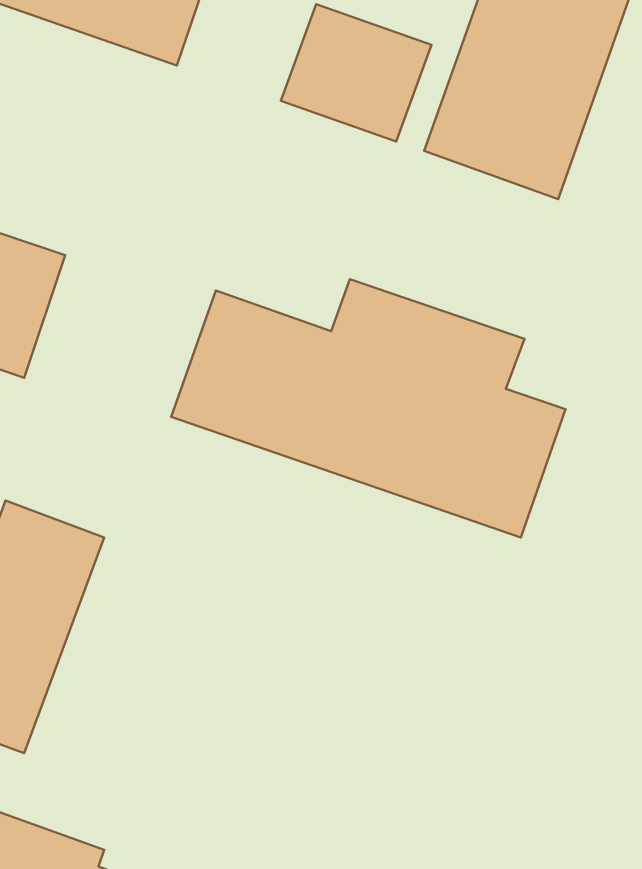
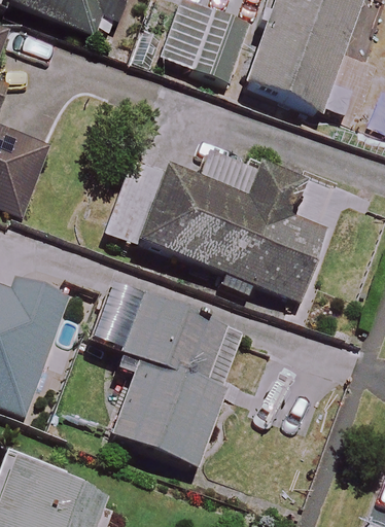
building: none -> [112,303,242,465]

